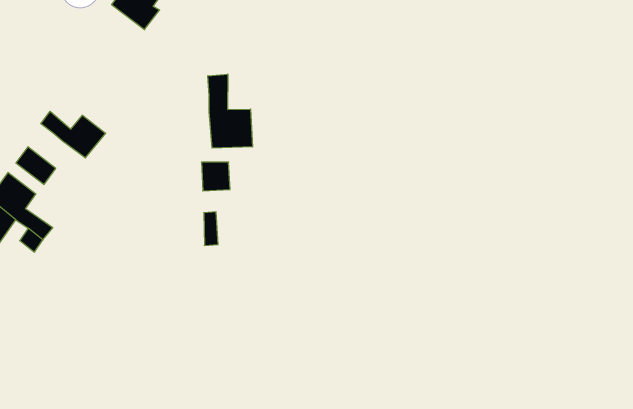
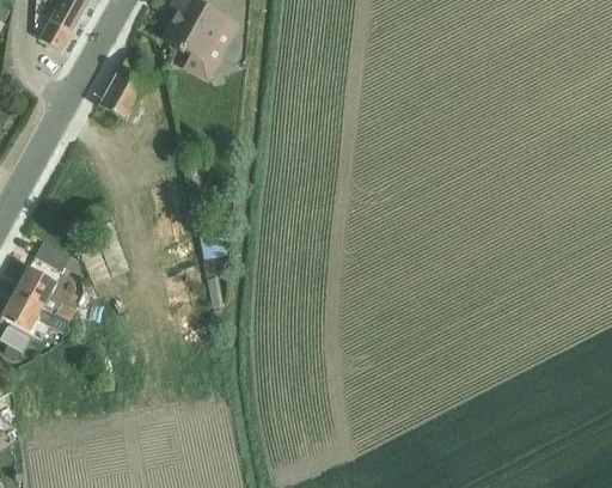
building: [208,74,253,148] -> none
building: [41,111,106,158] -> none

